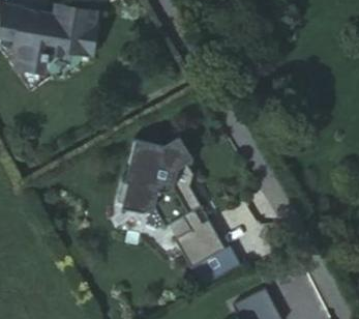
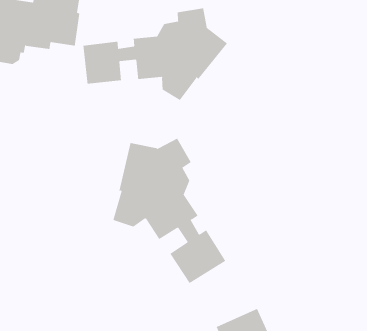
building: none -> [83,7,228,101]

